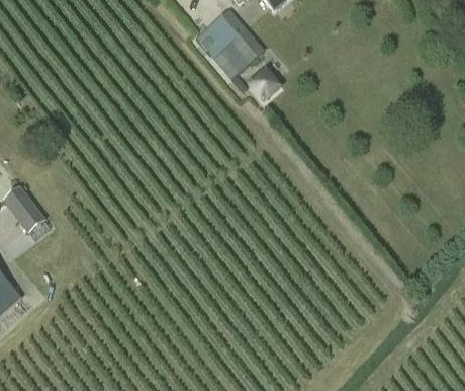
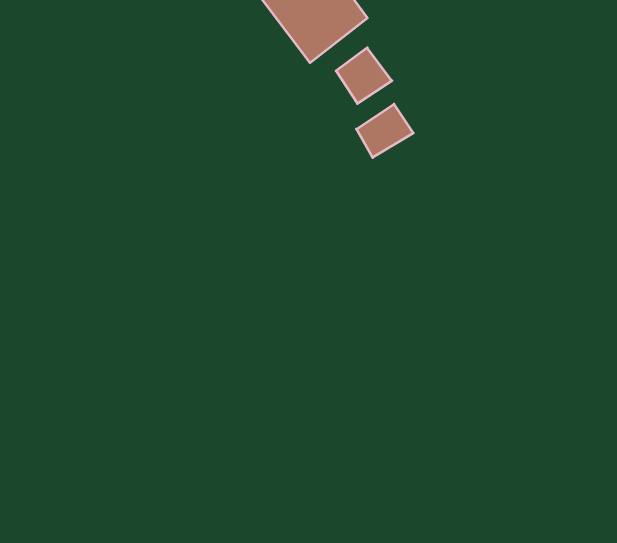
building: none -> [356,104,413,158]

